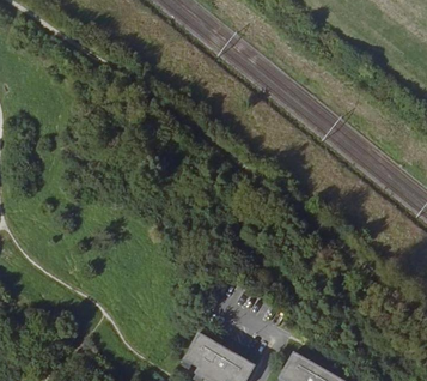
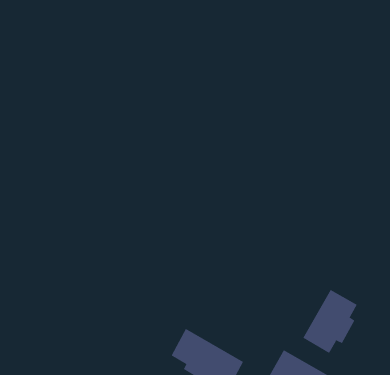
building: none -> [302,289,357,354]

